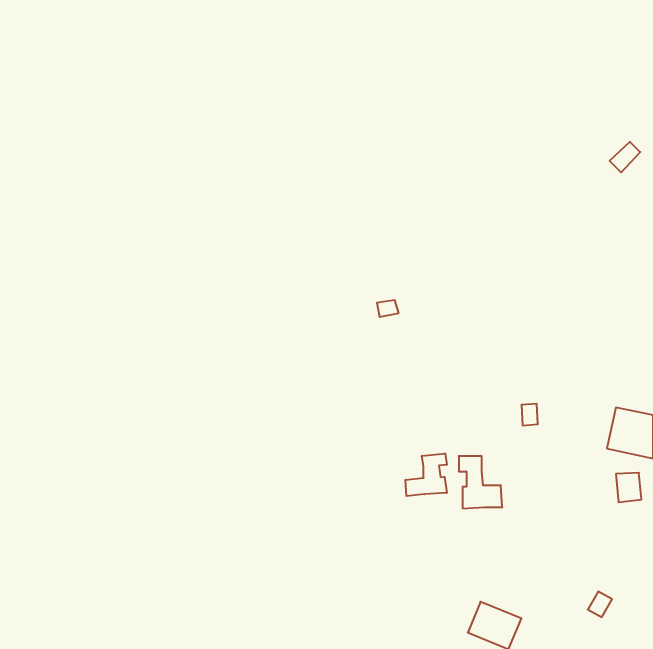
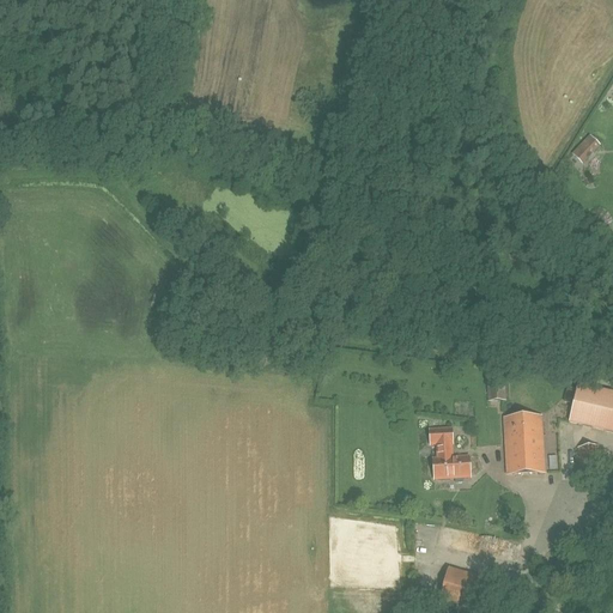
building: none -> [504,413,544,473]
building: [406,453,447,496] -> none

